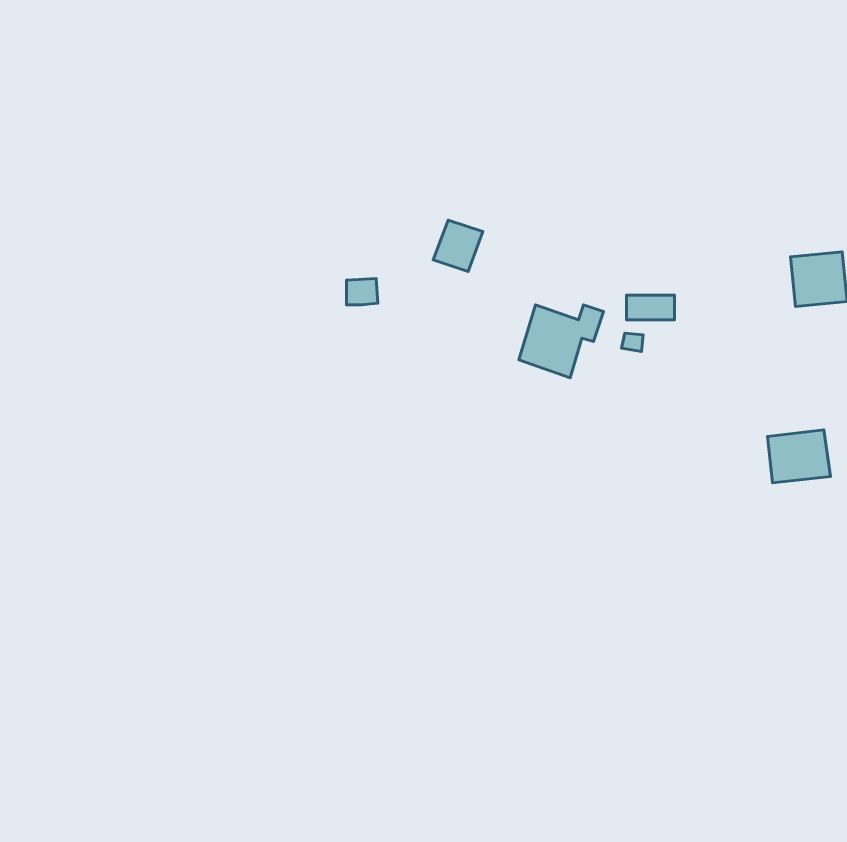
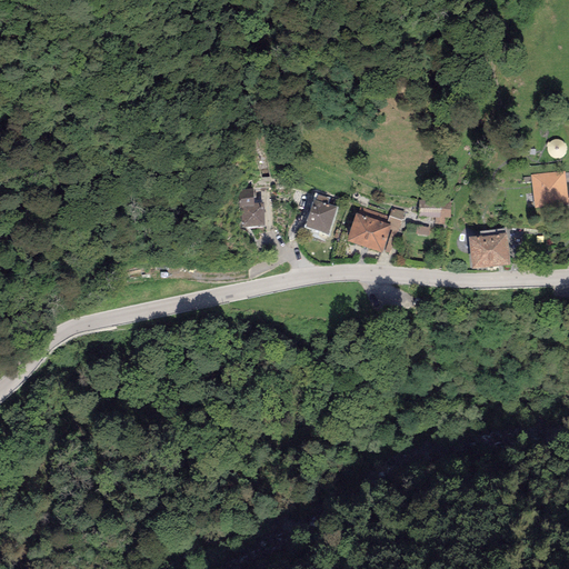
building: [433,220,483,271] -> [305,200,338,234]
building: none -> [242,203,264,226]
building: [767,430,830,483] -> [468,233,510,269]

